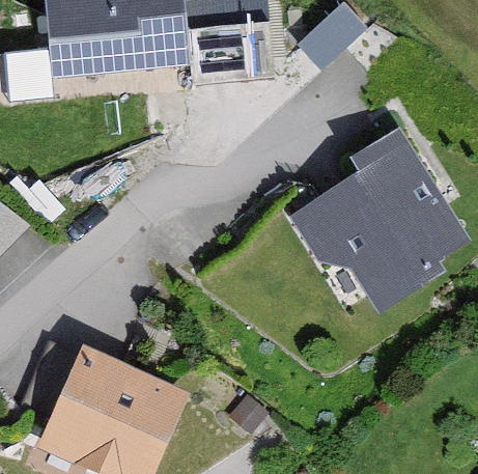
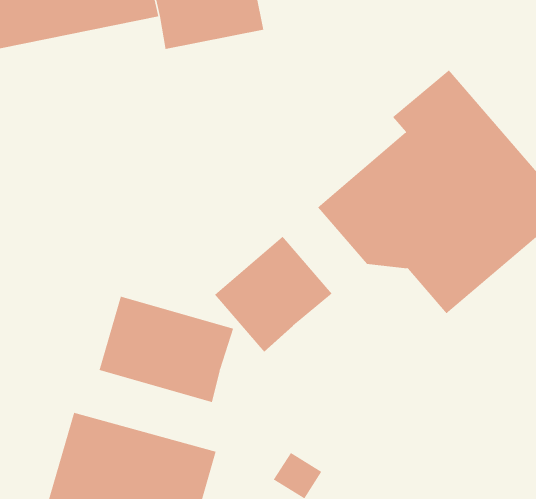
building: none -> [214,236,333,352]
building: none -> [99,296,234,403]

